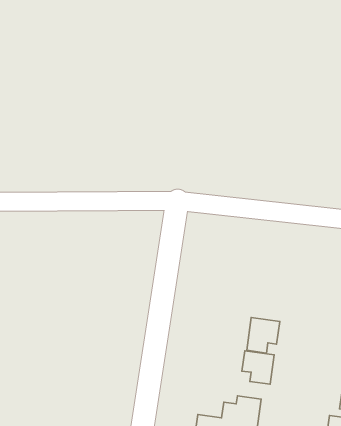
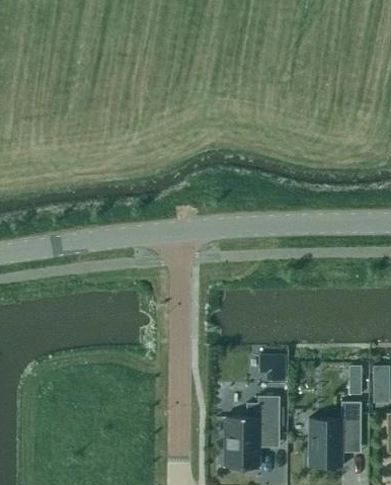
building: [247,318,280,353] -> none

